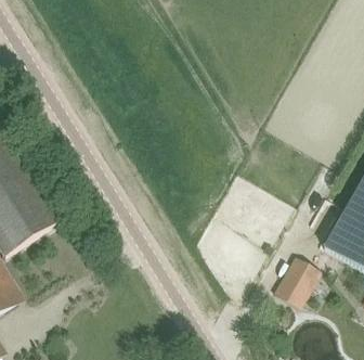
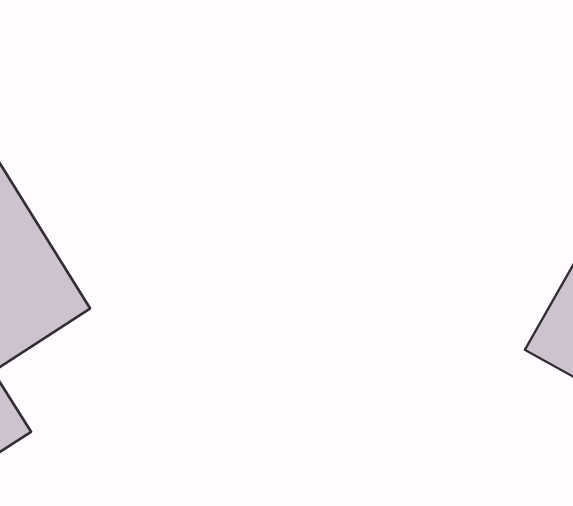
building: [272,255,322,309] -> none

